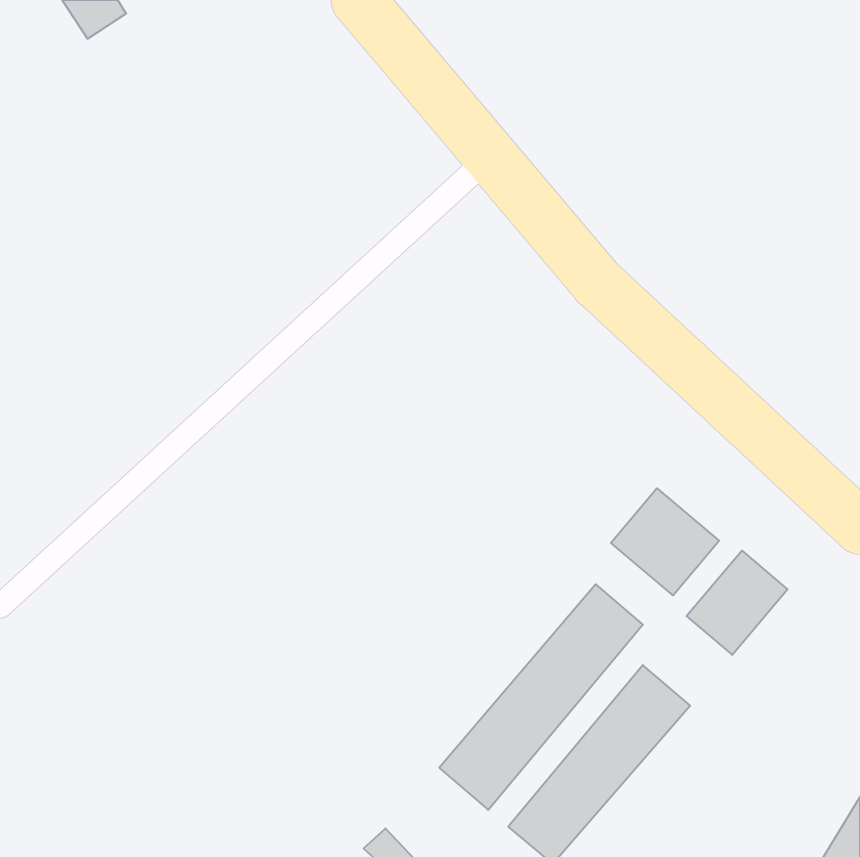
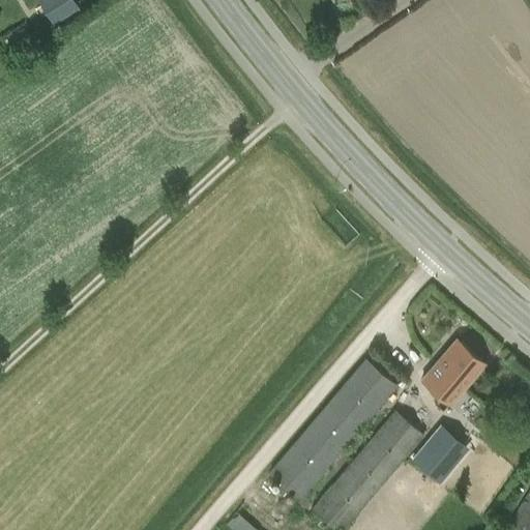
building: [611,488,719,595] -> none
building: none -> [413,425,468,482]

